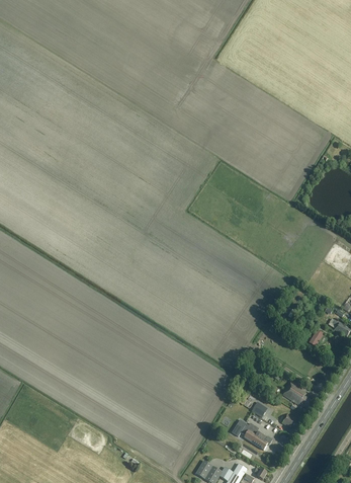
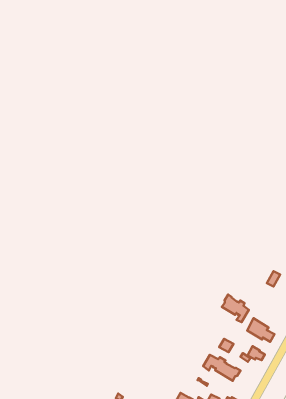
building: none -> [222,295,249,322]

